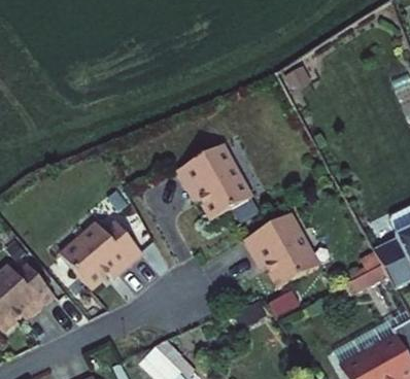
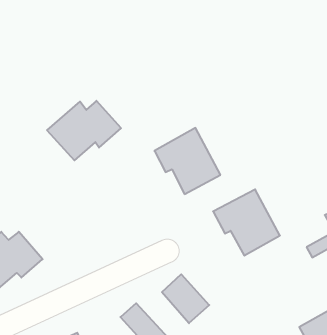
building: [58,218,141,285] -> [47,101,121,160]
building: none -> [162,274,209,323]

